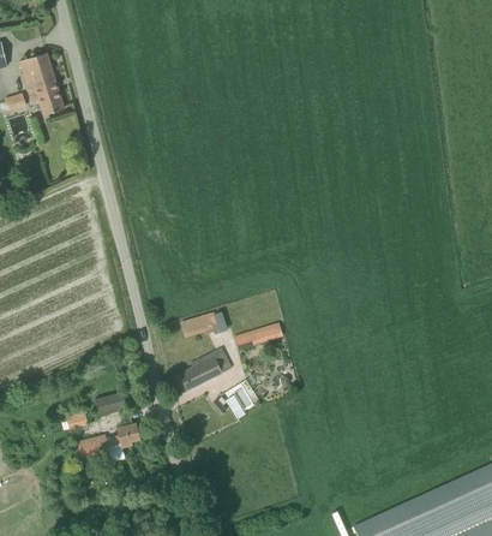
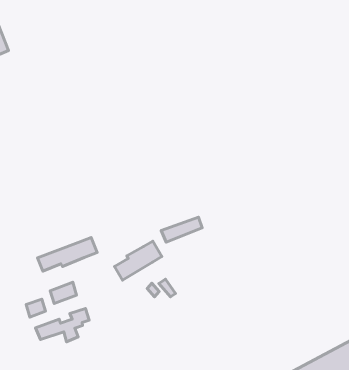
building: [181,312,220,337] -> none
building: none -> [38,237,97,271]

